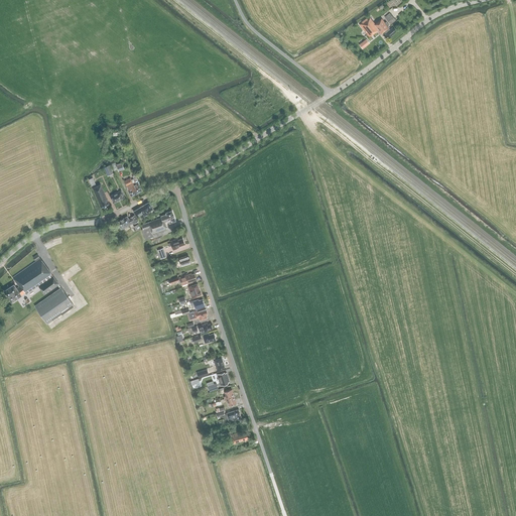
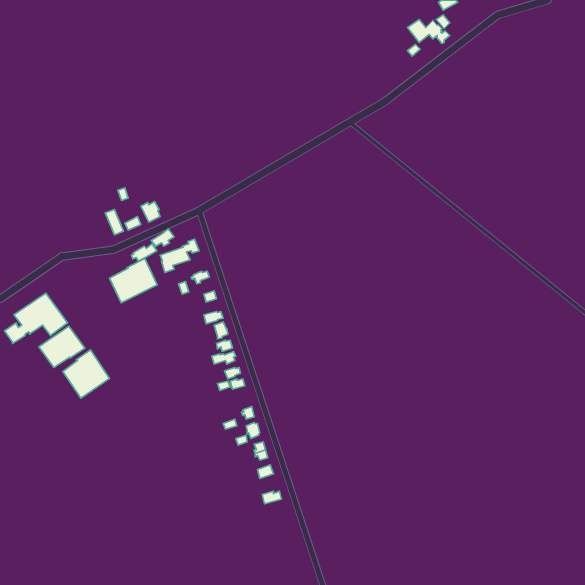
building: none -> [110,259,157,303]
building: none -> [63,350,109,398]

